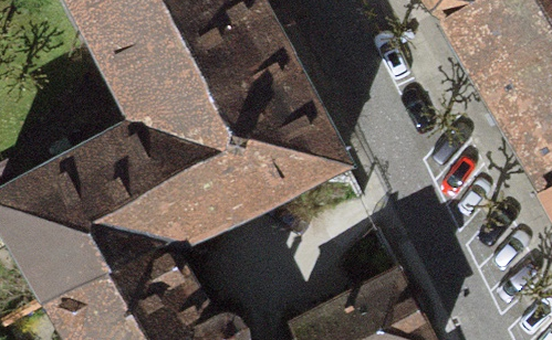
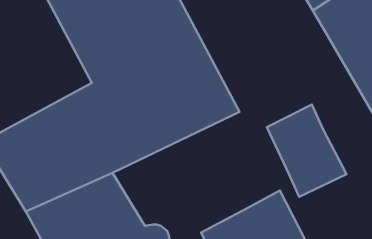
building: none -> [267,105,346,197]

